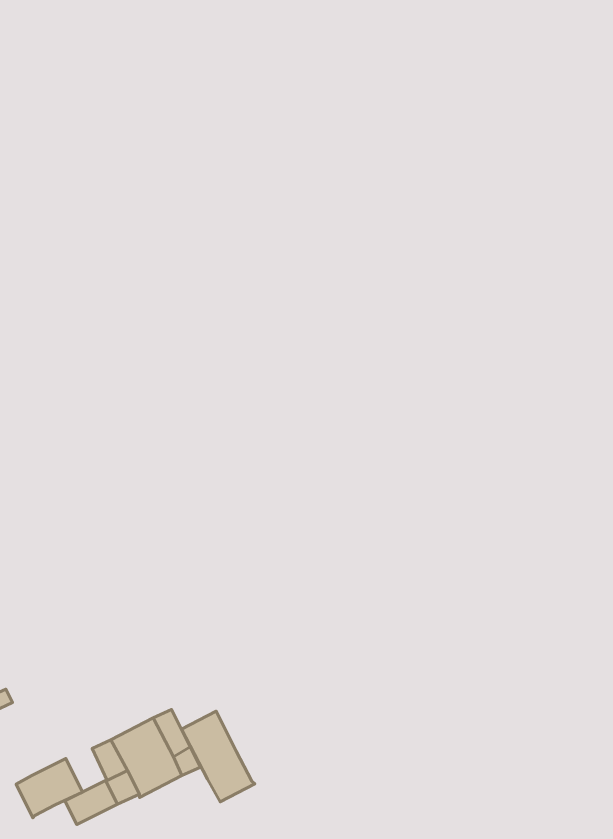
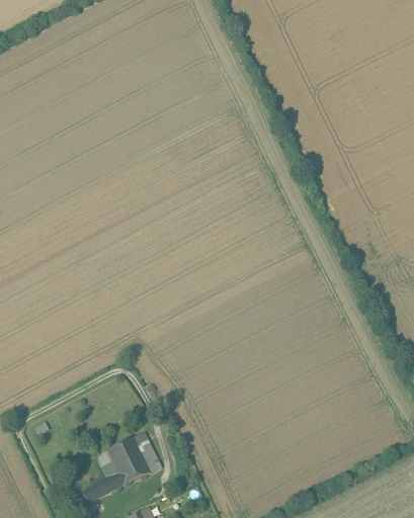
building: [181,711,255,802] -> none
building: [16,759,83,818] -> none

